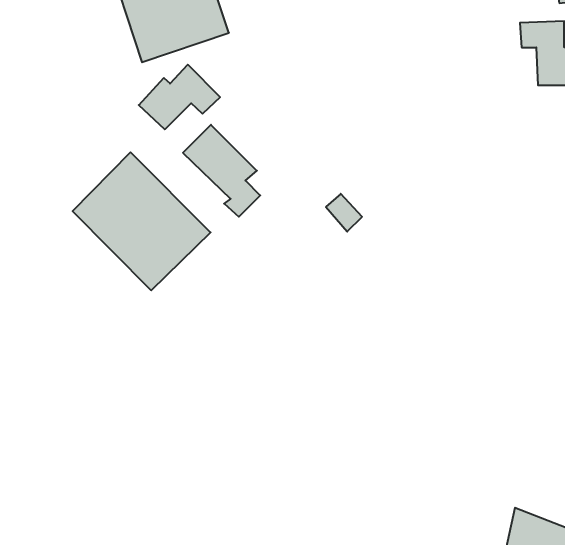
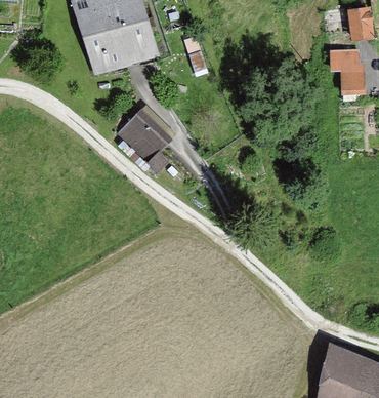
building: [139,65,220,129] -> none
building: [73,152,211,290] -> none

